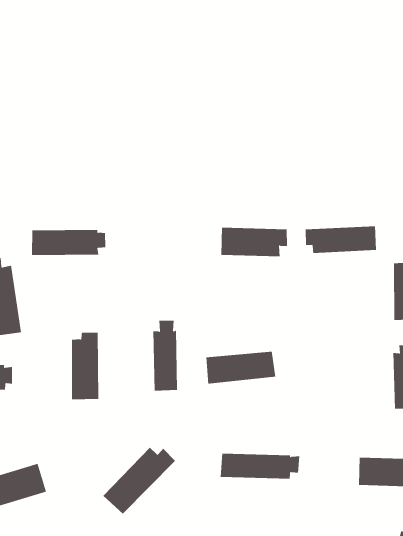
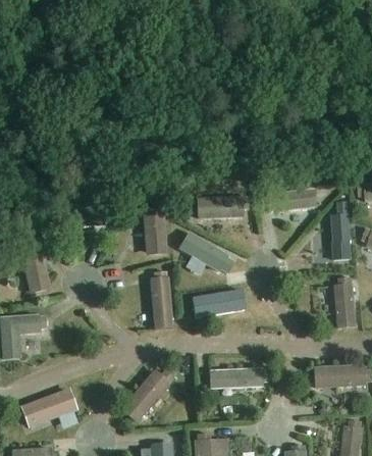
building: none -> [180,233,233,272]
building: [71,332,99,400] -> [143,202,167,255]

